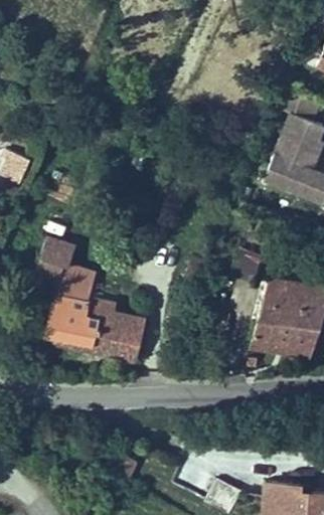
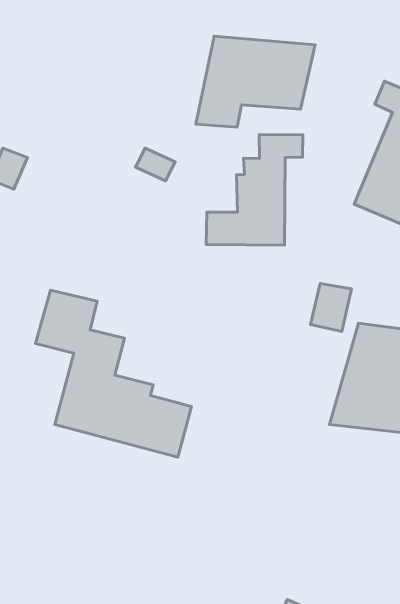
building: none -> [196,36,315,127]
building: none -> [206,135,303,245]

